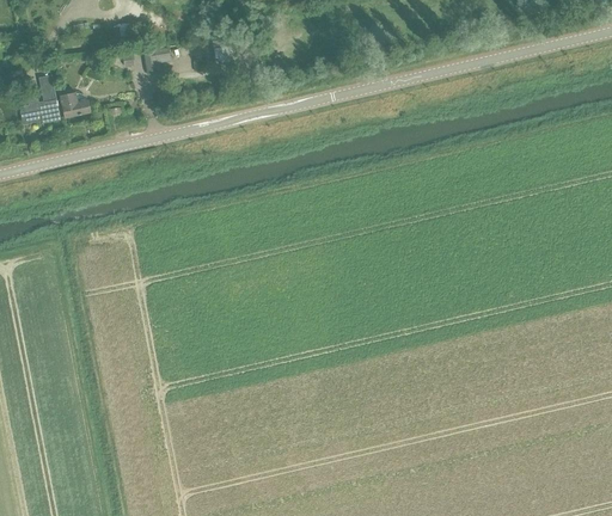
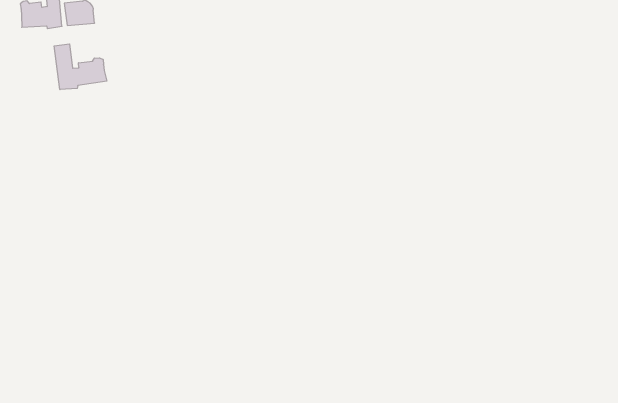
building: none -> [54,44,107,90]

